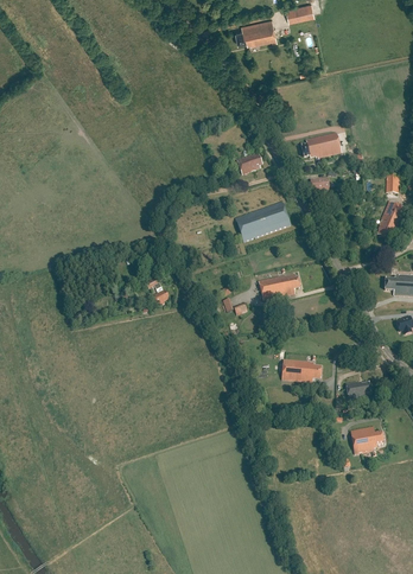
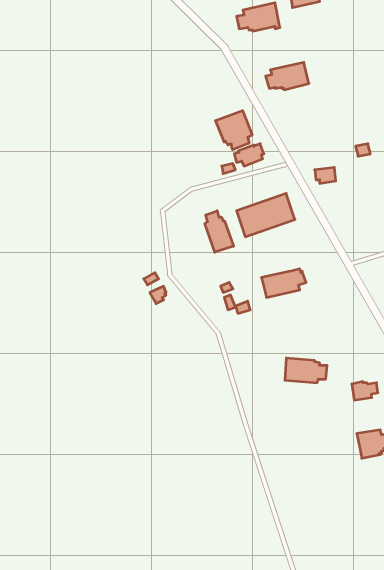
building: none -> [215,111,252,150]
building: [300,132,342,158] -> [266,62,309,90]
building: none -> [205,211,234,252]

